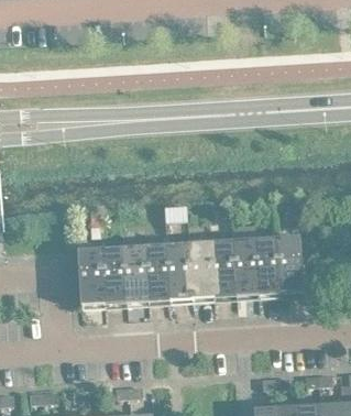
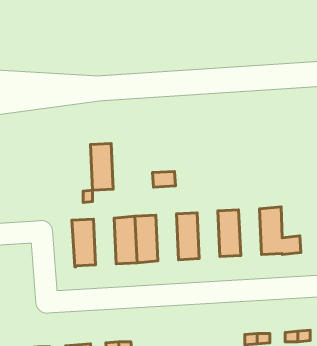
building: [256,242,281,292] -> none
building: [212,244,237,295] -> none
building: [168,248,193,297] -> none
building: [102,252,127,302] -> [90,143,113,190]

